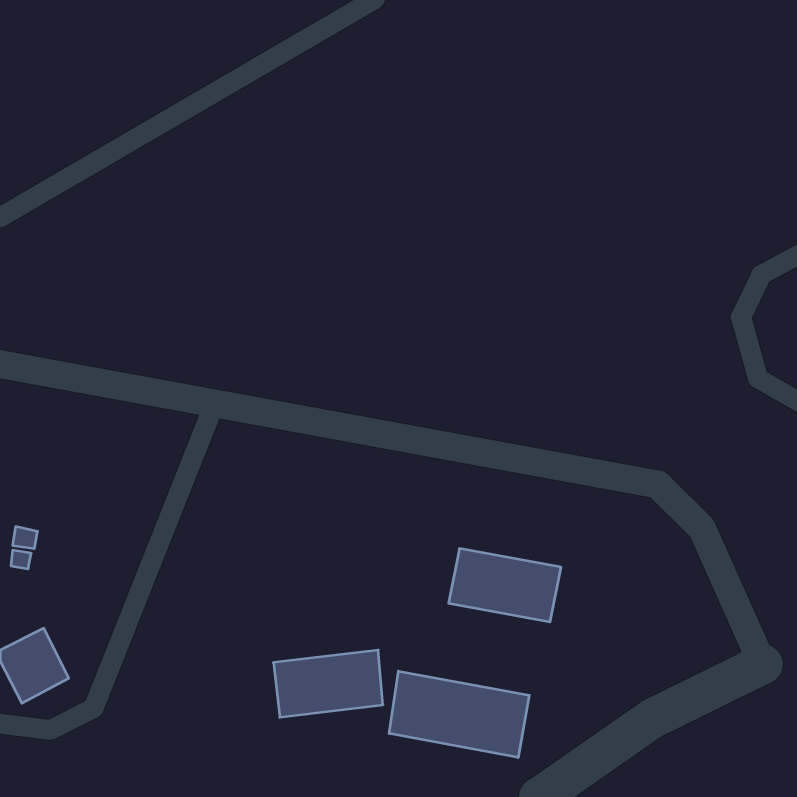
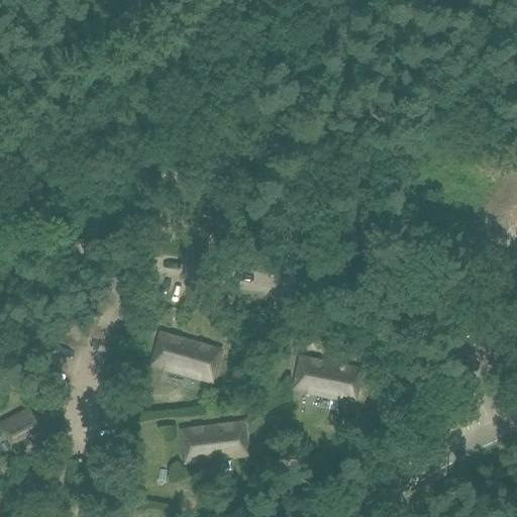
building: none -> [149,330,223,383]
building: [389,671,529,758] -> none

